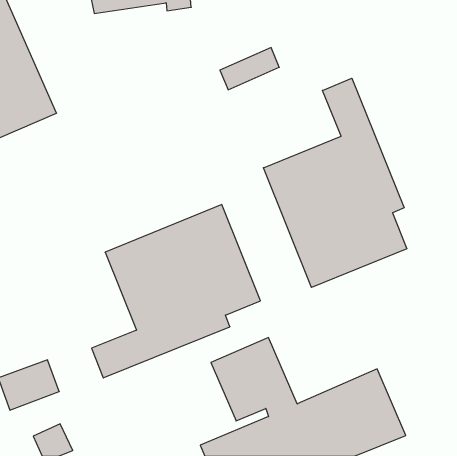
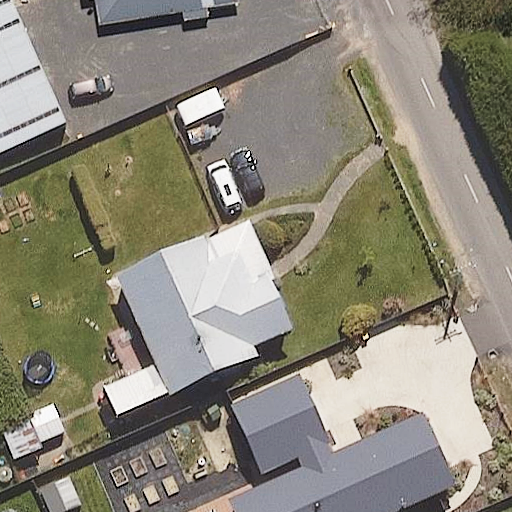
building: [263,78,407,287] -> none

